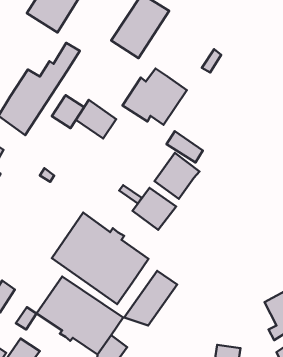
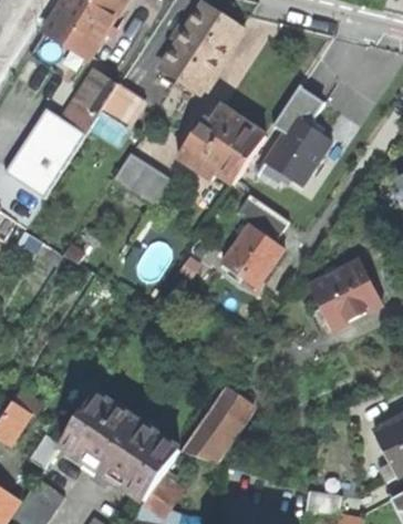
building: none -> [265,117,330,185]
building: [52,95,84,128] -> [101,81,145,126]
building: none -> [310,260,381,329]
building: [132,188,176,230] -> none
building: [52,213,148,304] -> none

